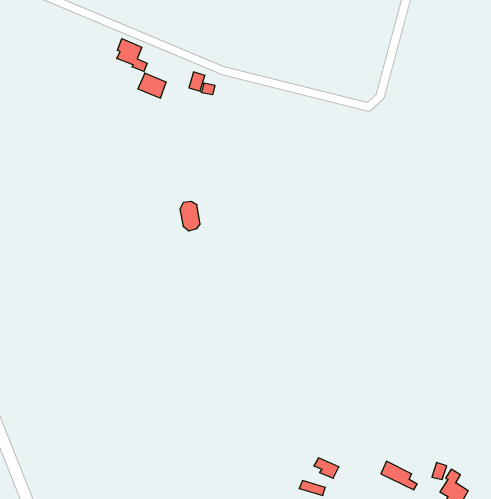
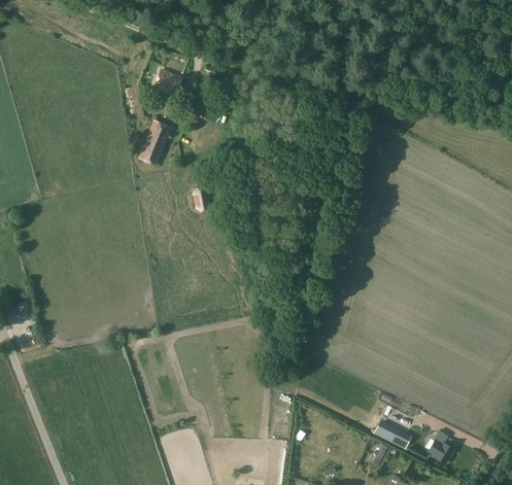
building: [117,39,147,72] -> none
building: none -> [139,119,171,163]

